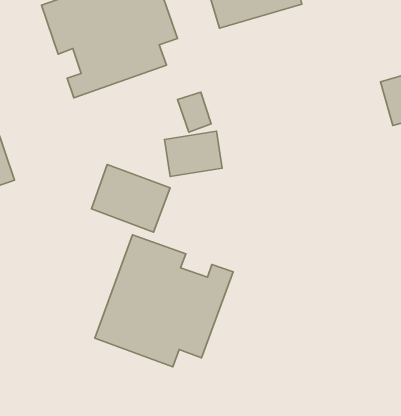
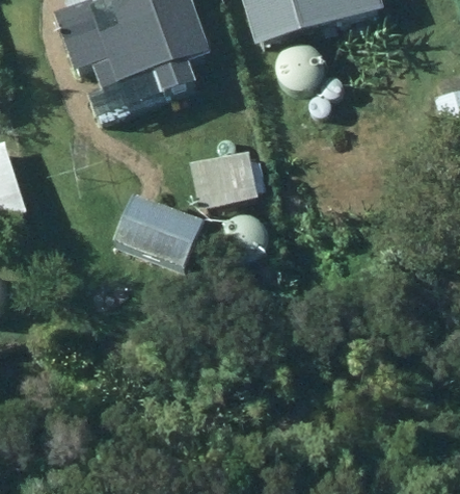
building: [95,235,233,367] -> none

